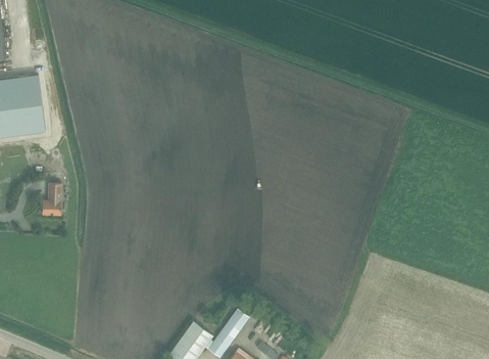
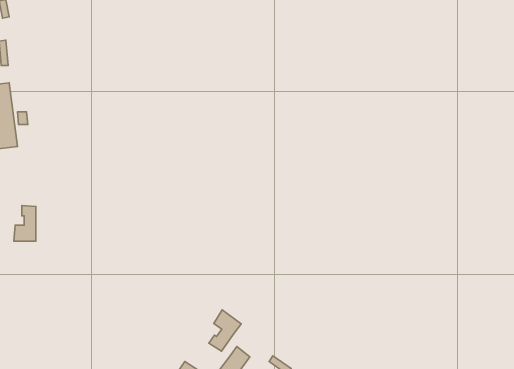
building: none -> [209,310,241,351]

